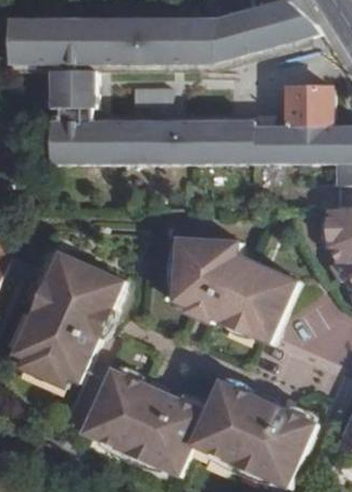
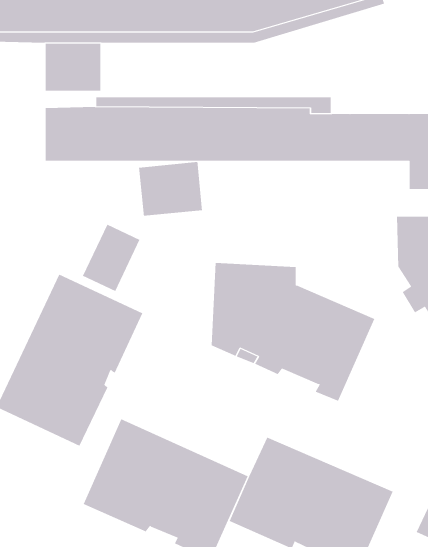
building: [286,89,331,127] -> none
building: none -> [139,161,203,216]
building: none -> [82,224,140,292]

